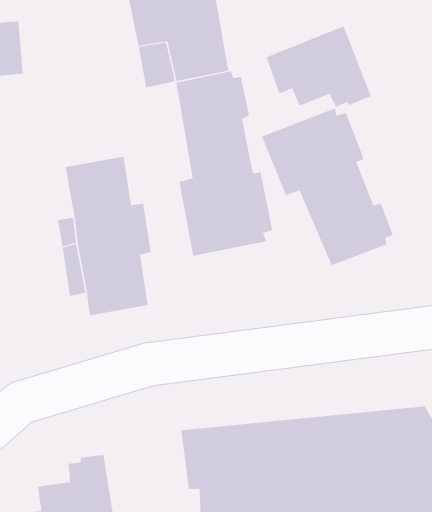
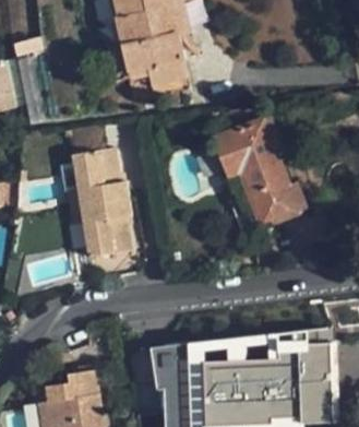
building: [266,26,371,107] -> none
building: [176,70,273,257] -> none

